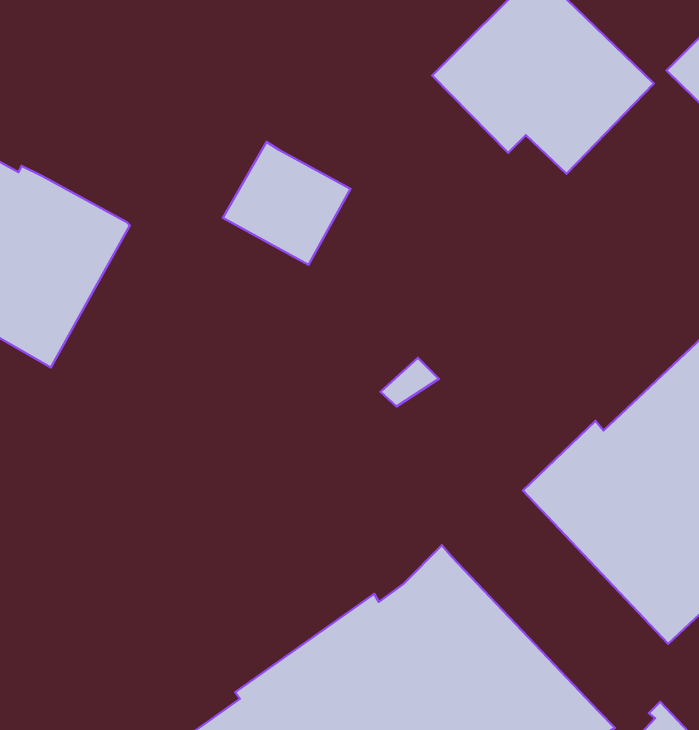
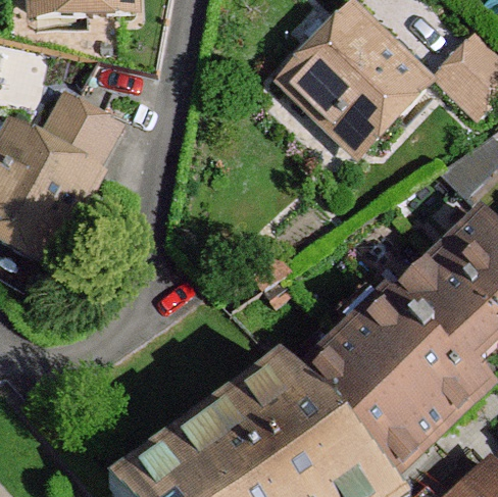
building: [223,142,351,265] -> [36,91,116,168]
building: none -> [295,338,432,478]

